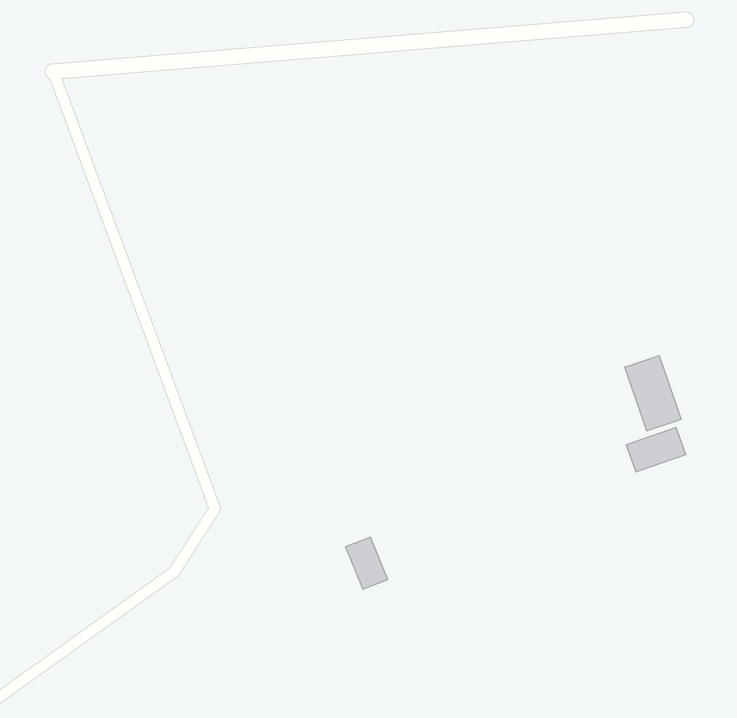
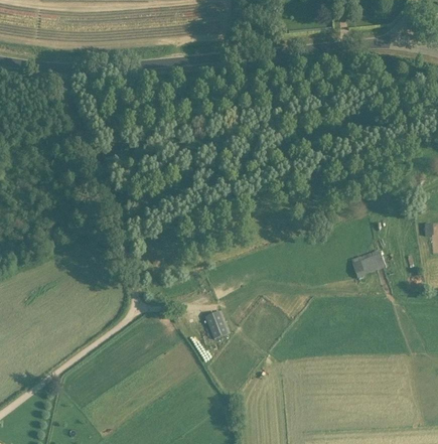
building: [625,356,681,431] -> none

